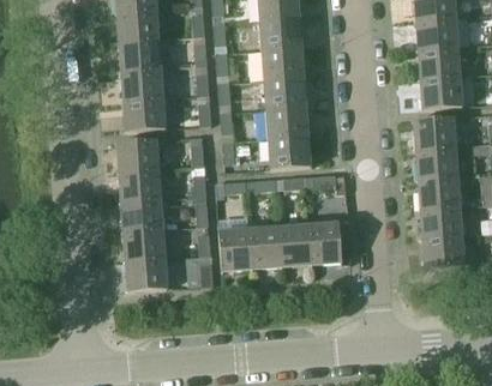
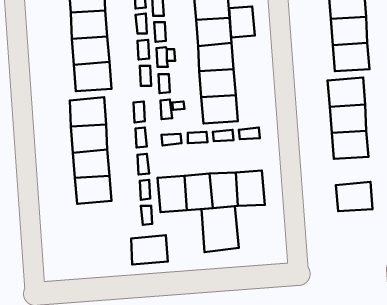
building: none -> [229,6,255,38]
building: [421,207,463,240] -> none
building: [126,258,168,291] -> [131,235,168,265]
building: none -> [201,206,239,252]

